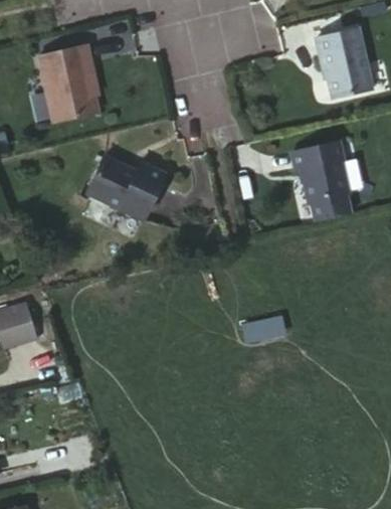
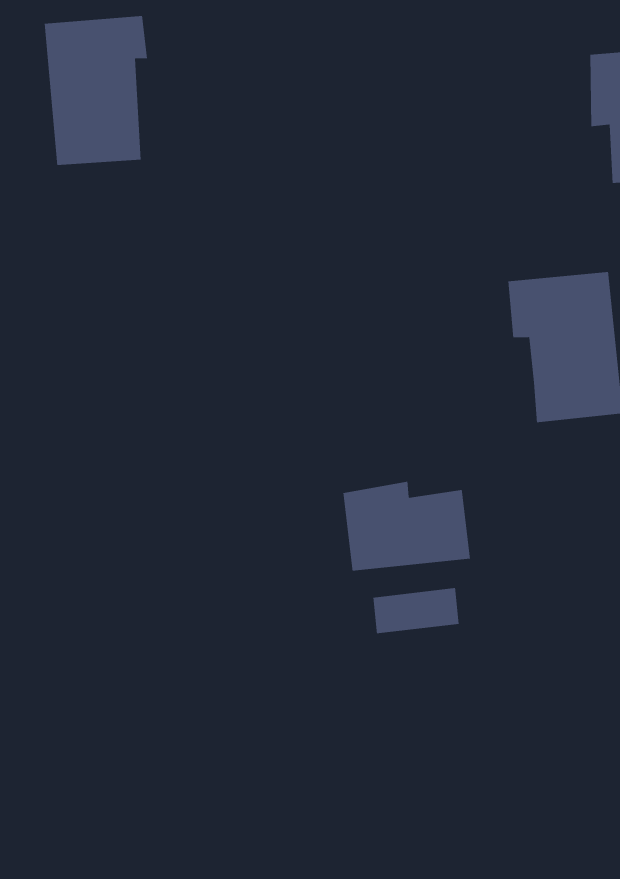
building: [84,154,165,220] -> none
building: none -> [343,481,470,572]

